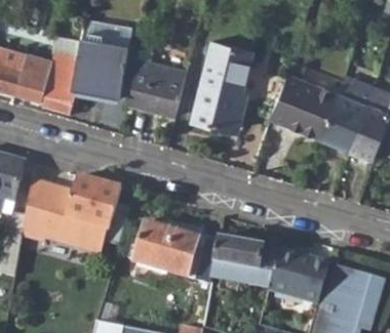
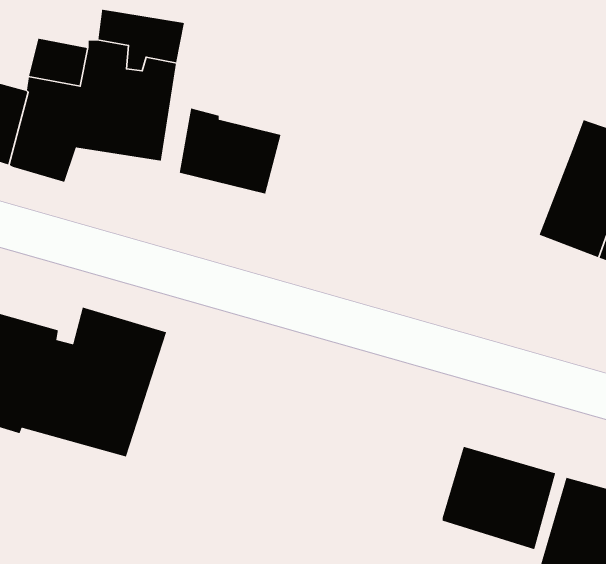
building: [193,40,252,130] -> none
building: [271,60,337,137] -> none
building: [134,221,198,278] -> none
building: [210,238,279,287] -> none

